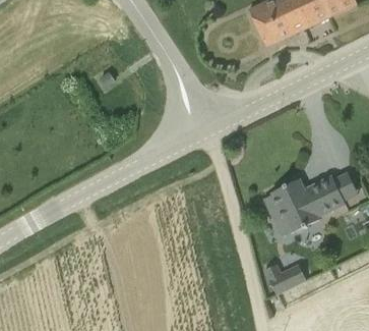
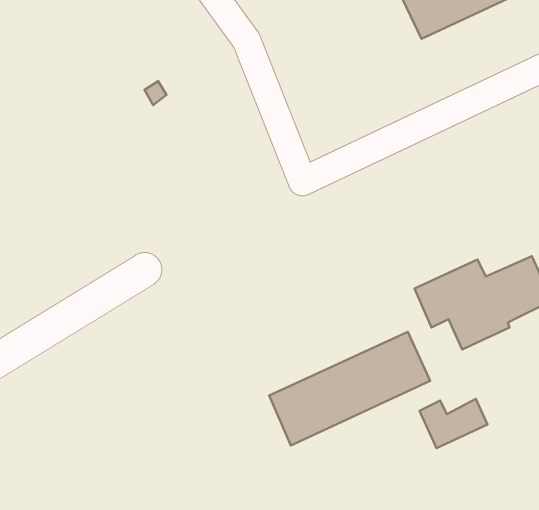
building: none -> [269,332,430,446]

